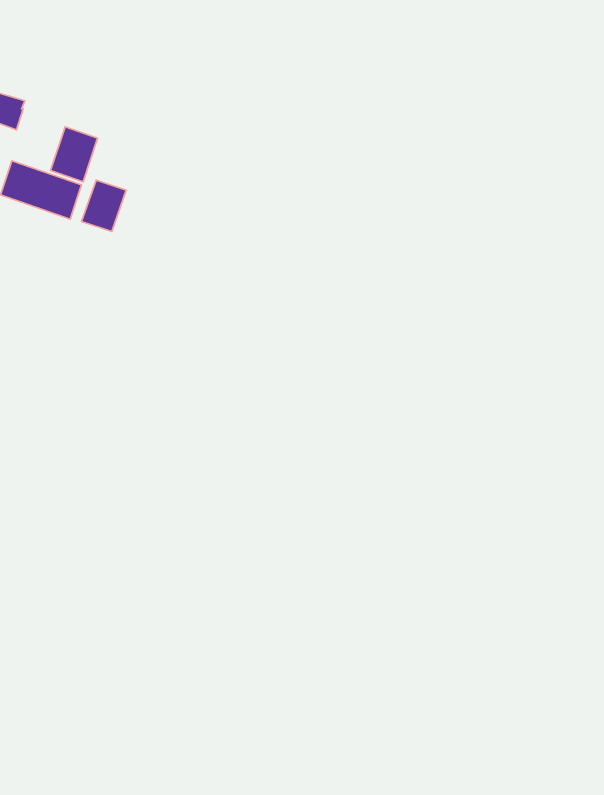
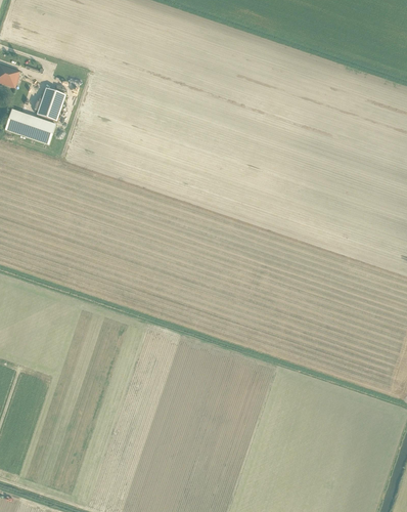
building: [82,180,126,232] -> none

